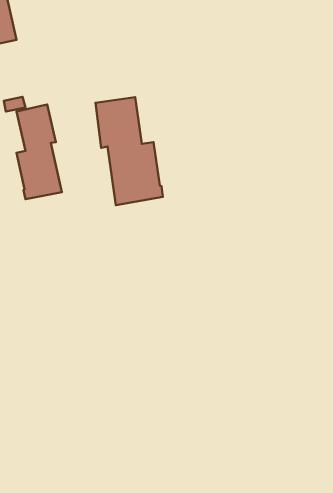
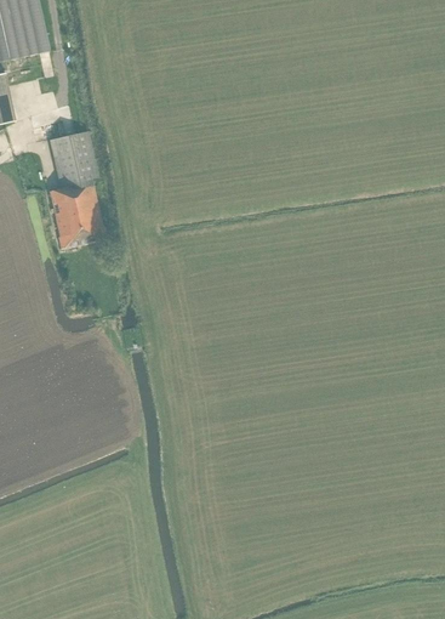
building: [95,97,163,205] -> none

